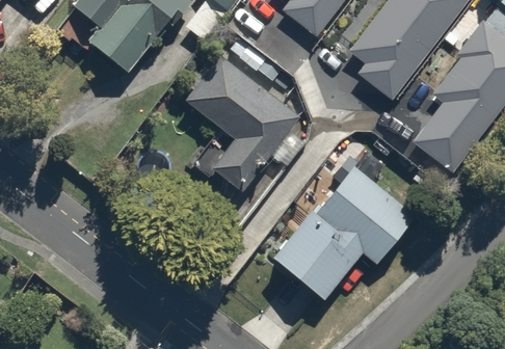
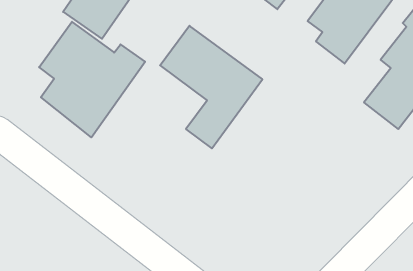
building: none -> [39,22,145,137]
building: [265,161,414,300] -> none

